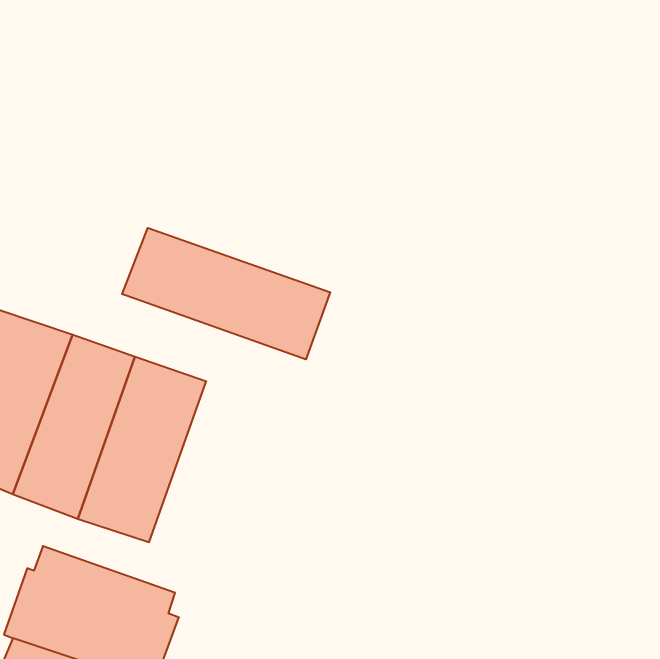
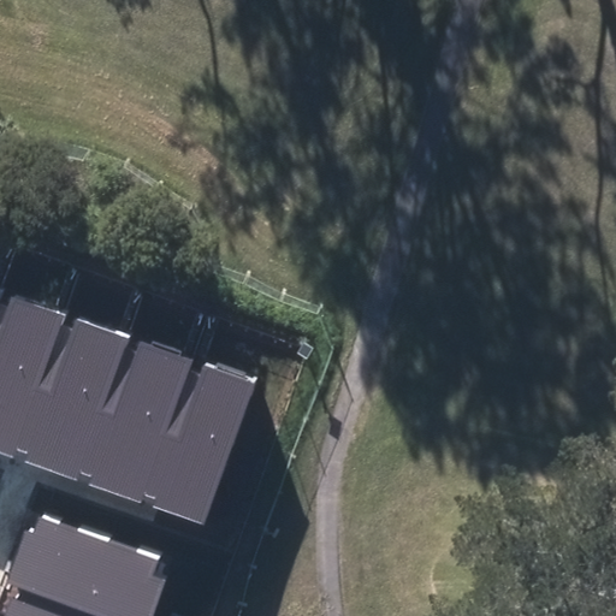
building: [122,228,330,359] -> none
building: none -> [138,357,254,529]

